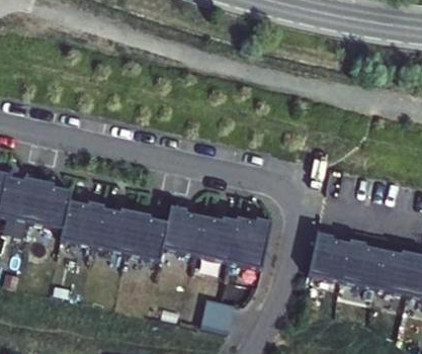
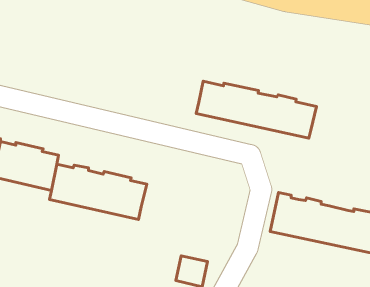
building: none -> [196,81,317,138]
building: [162,205,274,269] -> none

